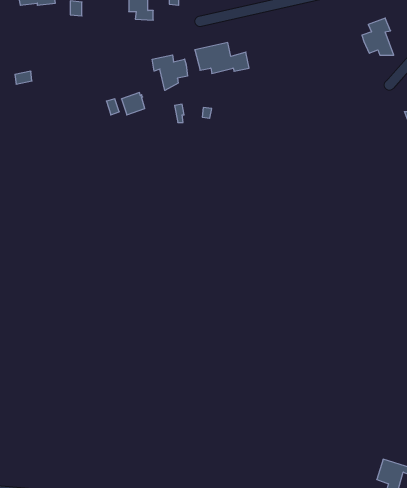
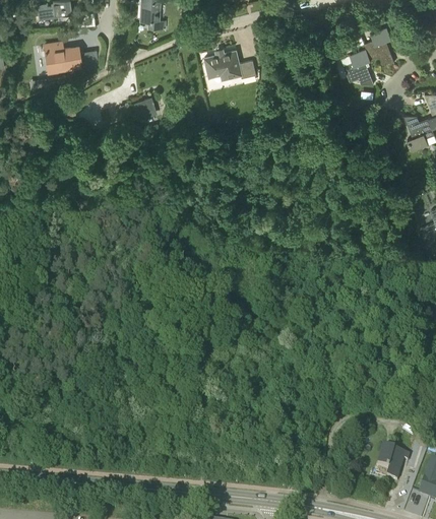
building: none -> [44,45,80,68]
building: none -> [341,49,373,84]
building: [152,55,187,90] -> none

